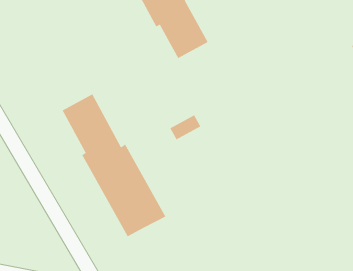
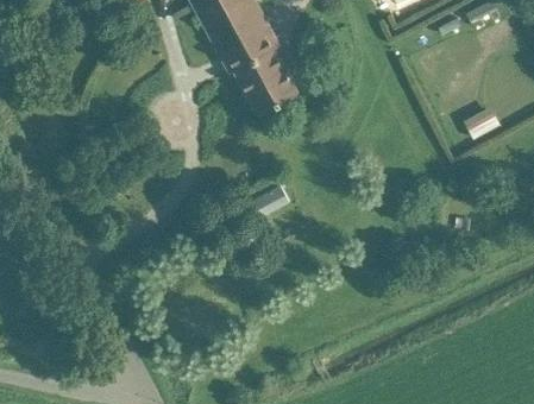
building: [62,93,166,237] -> none

